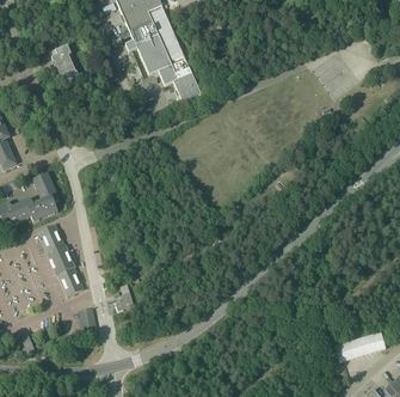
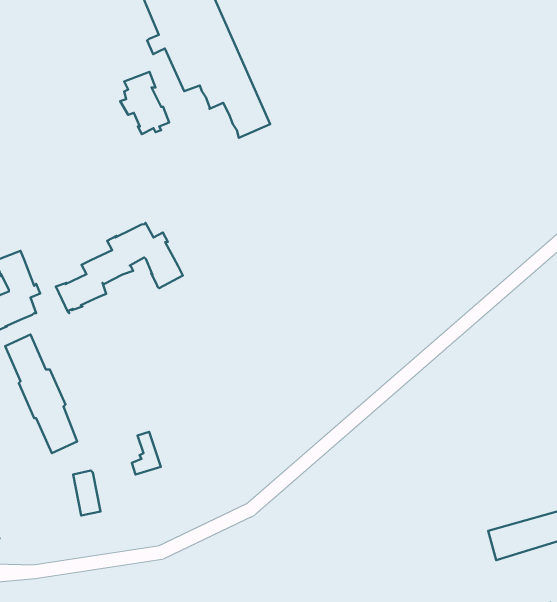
building: [49,43,79,81] -> [120,72,169,134]
building: none -> [56,223,183,313]

